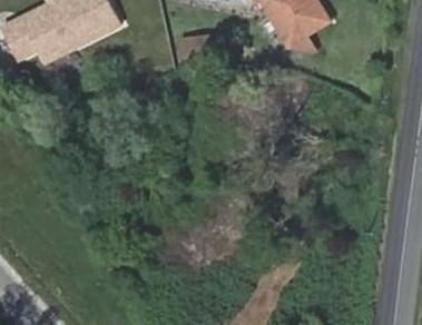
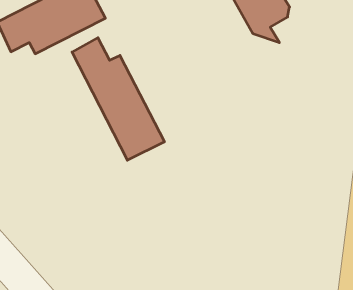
building: none -> [72,38,164,160]

